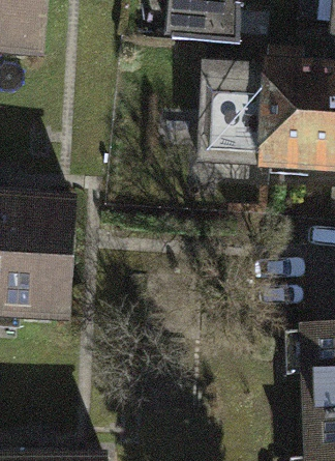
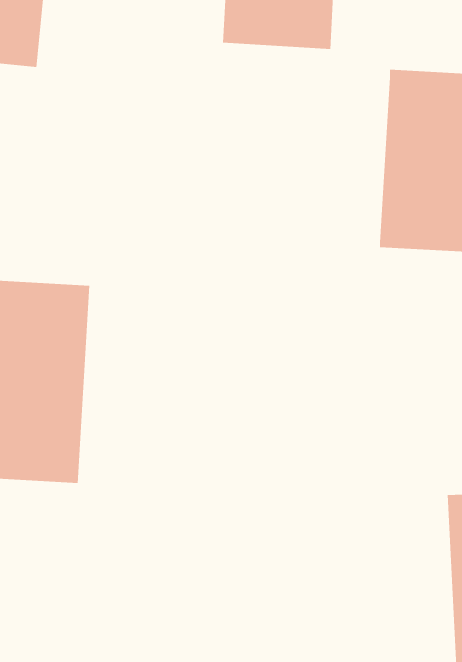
building: [201,57,268,164] -> none

